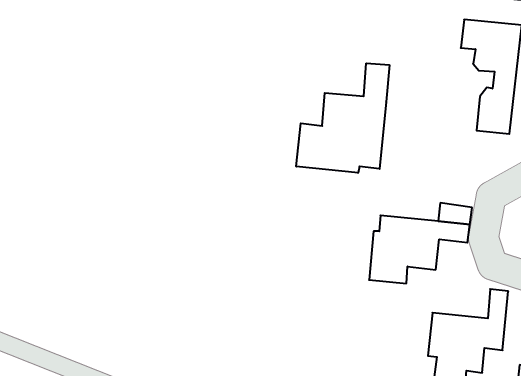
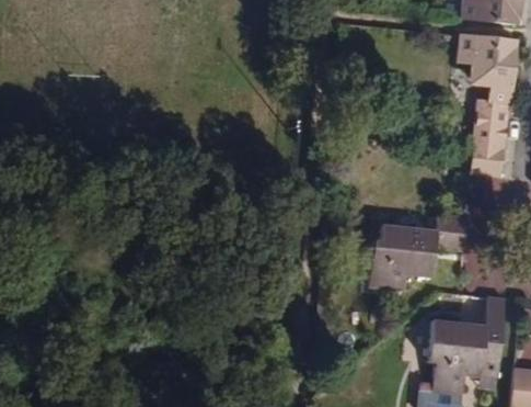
building: [296,63,389,173] -> none
building: none -> [471,142,505,174]

